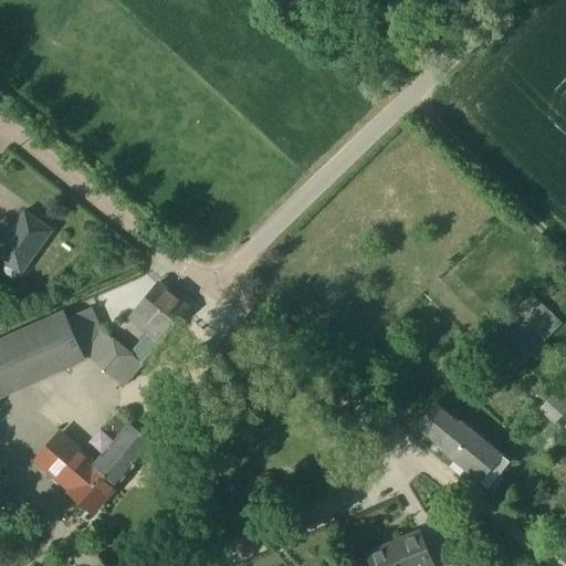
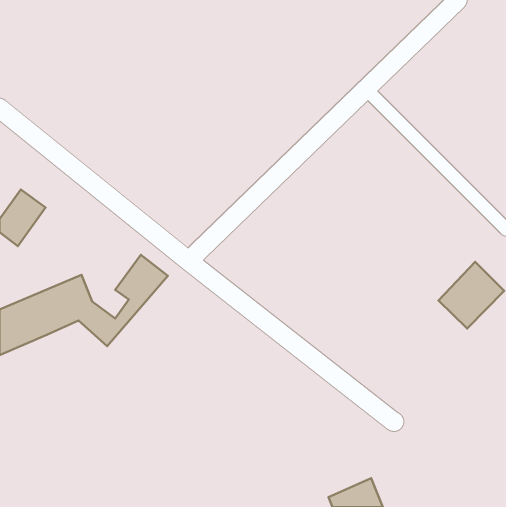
building: [415,398,511,485] -> none
building: [32,413,153,511] -> none

